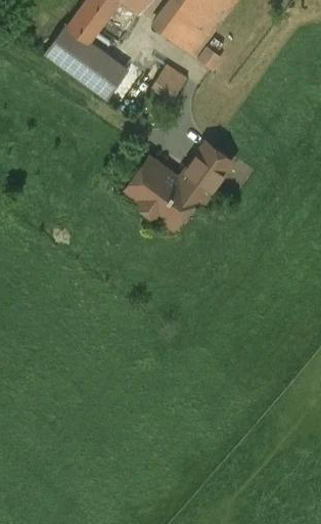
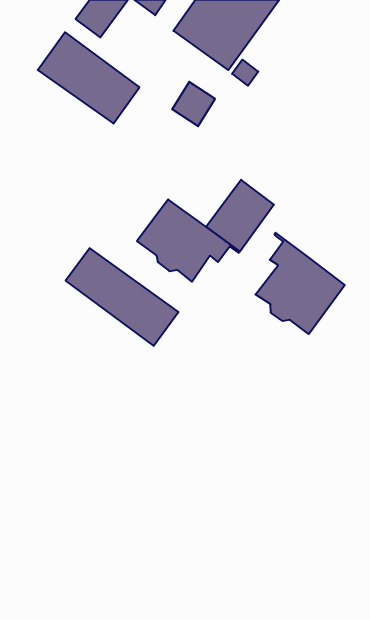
building: none -> [255,233,345,334]
building: none -> [66,248,178,346]

